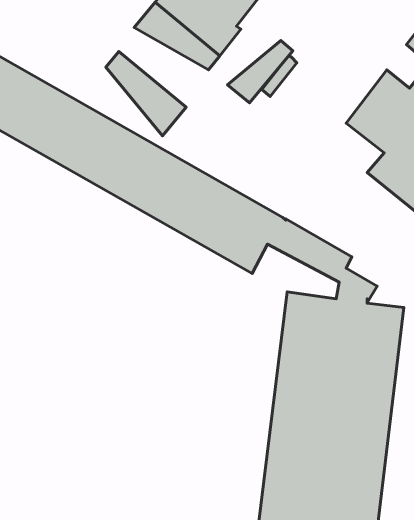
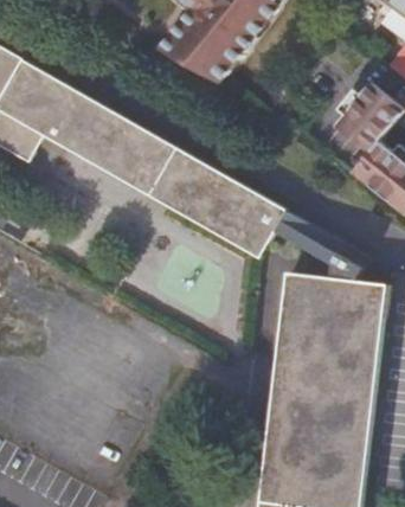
building: [228,41,293,103] -> none
building: [106,52,186,136] -> none

